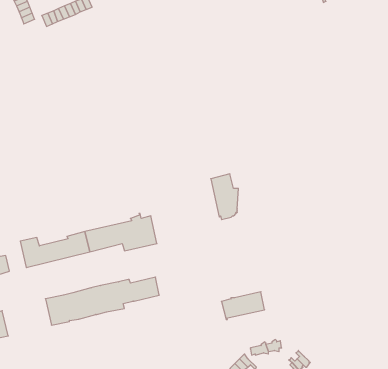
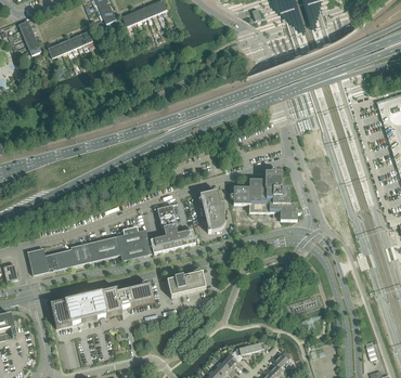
building: none -> [229,167,300,220]
building: none -> [150,204,195,252]
building: [221,292,265,319] -> [166,271,205,296]

